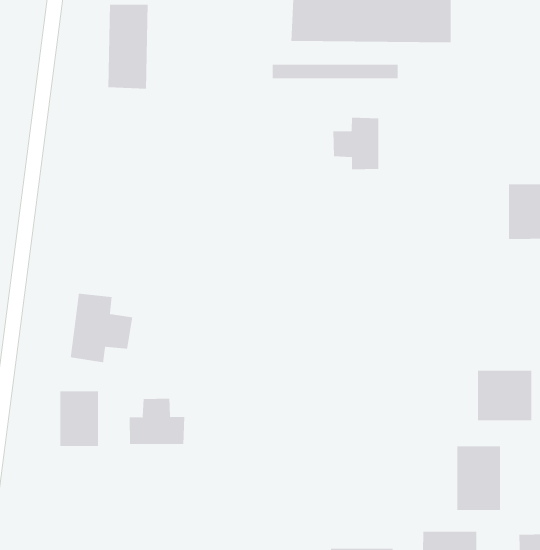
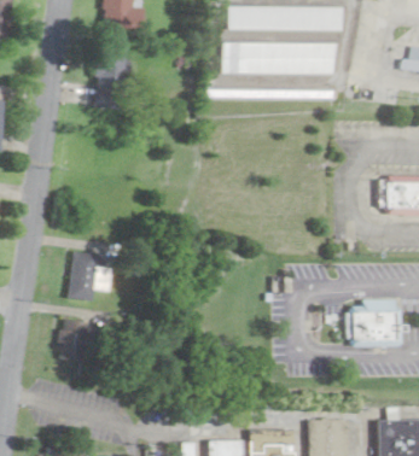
building: [332,117,379,170] -> none
building: [129,398,185,445] -> none
building: [456,445,501,511] -> none

